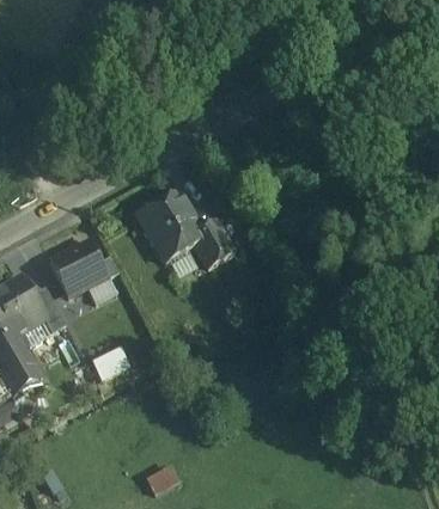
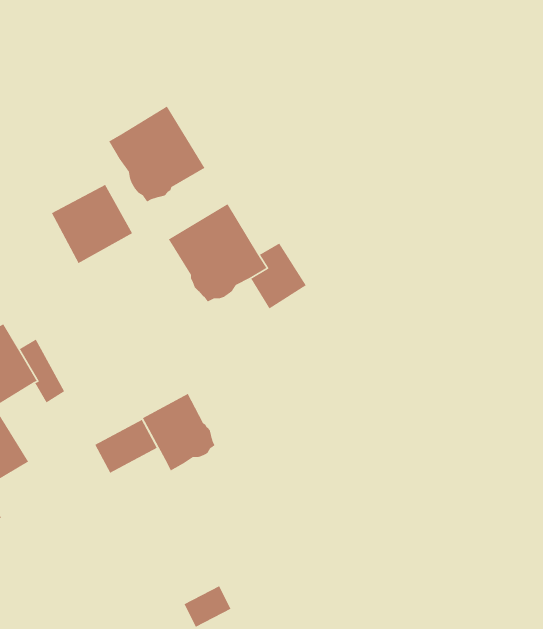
building: none -> [108,105,205,202]
building: [51,239,109,295] -> [51,184,133,264]
building: none -> [142,393,216,471]

